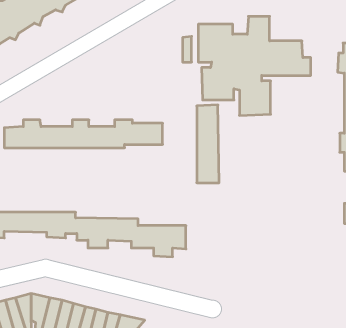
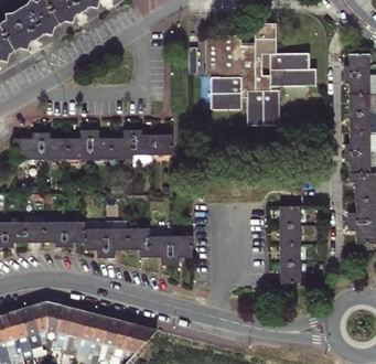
building: [197,105,219,183] -> [280,205,302,282]

